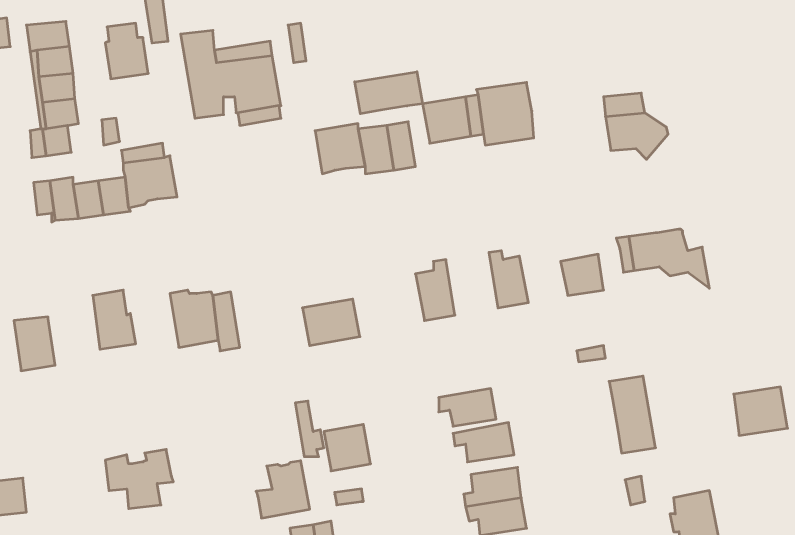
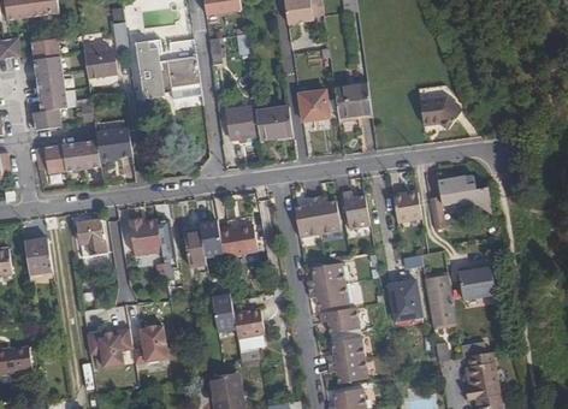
building: [355,72,423,114] -> none
building: none -> [314,196,341,236]
building: none -> [183,226,206,267]
building: none -> [307,265,344,291]
building: none -> [389,277,420,318]
building: [734,387,788,435] -> [457,269,493,302]
building: [256,461,310,518] -> [130,324,166,362]

